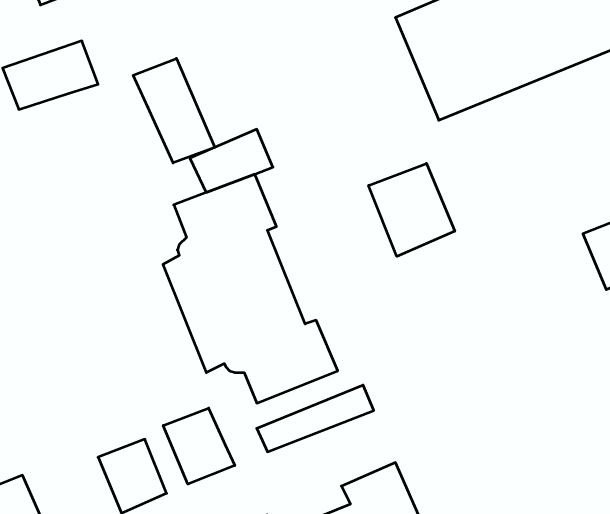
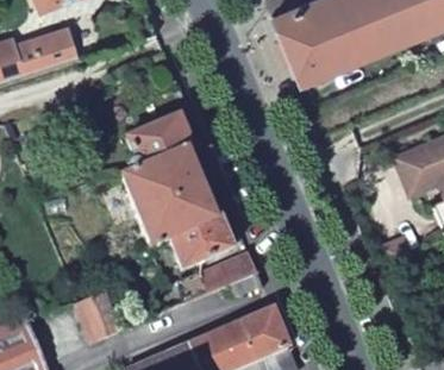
building: [133,58,215,163] -> none
building: [369,163,455,256] -> none
building: [163,408,235,484] -> none

